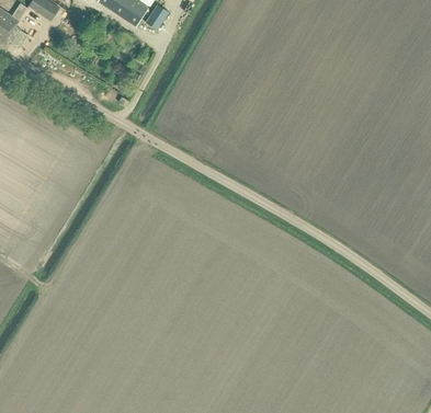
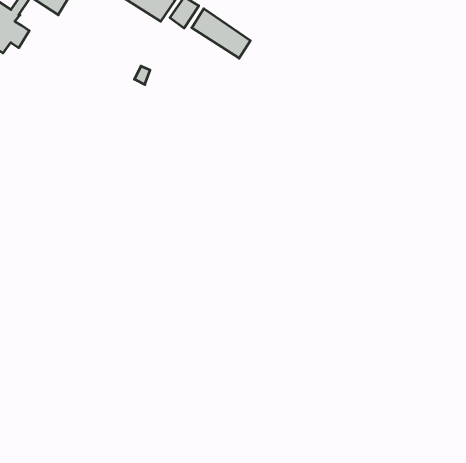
building: none -> [192,9,250,58]

